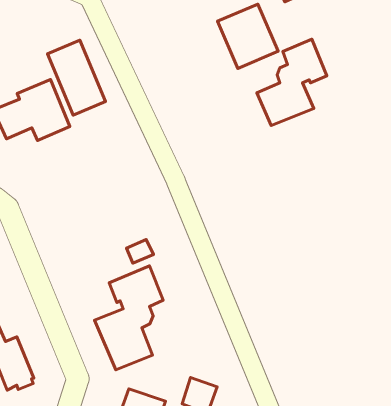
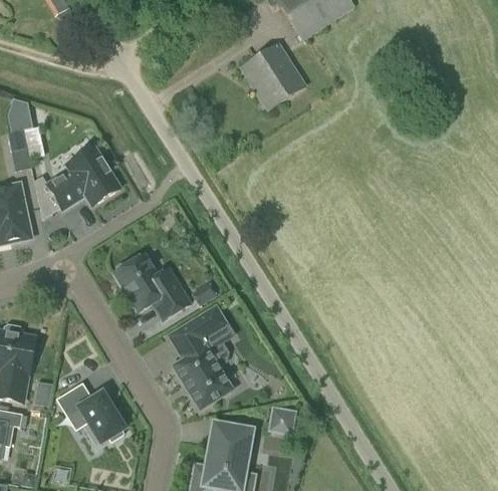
building: [257,39,327,126] -> none
building: [47,40,106,115] -> none
building: none -> [115,254,190,319]

